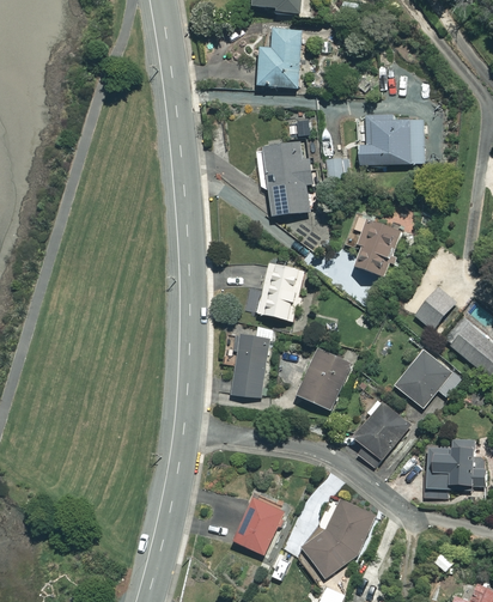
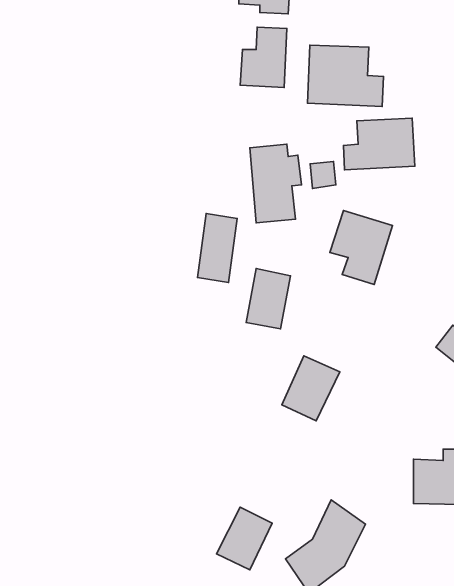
building: none -> [307,45,383,106]
building: [410,285,454,330] -> none
building: [231,332,269,399] -> [198,214,237,283]
building: [392,348,451,408] -> none
building: [352,401,409,460] -> none

